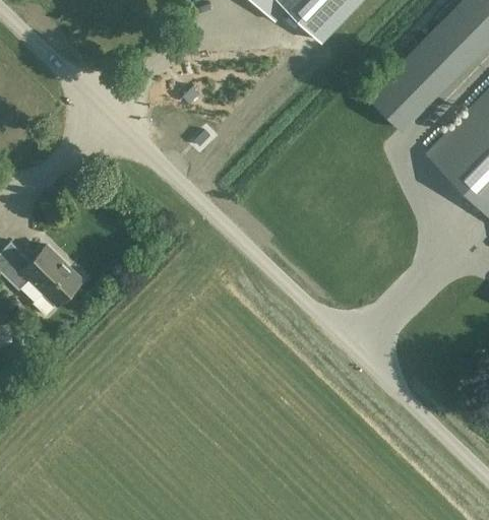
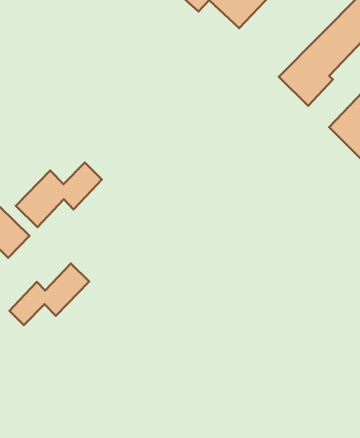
building: none -> [16,163,102,227]
building: none -> [9,264,89,325]

